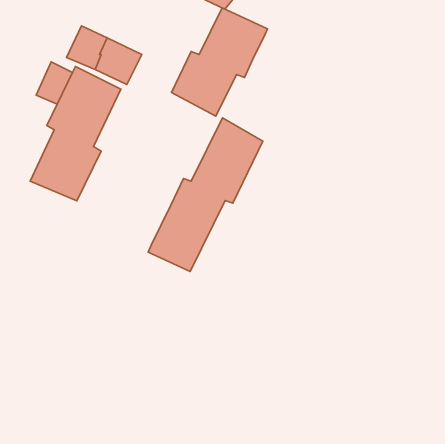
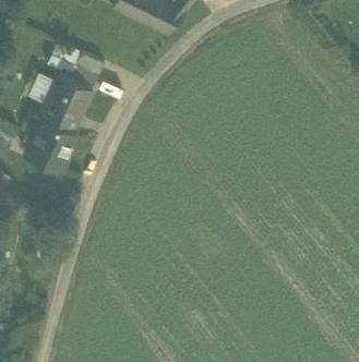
building: [172,8,268,116] -> none
building: [148,118,263,272] -> none

